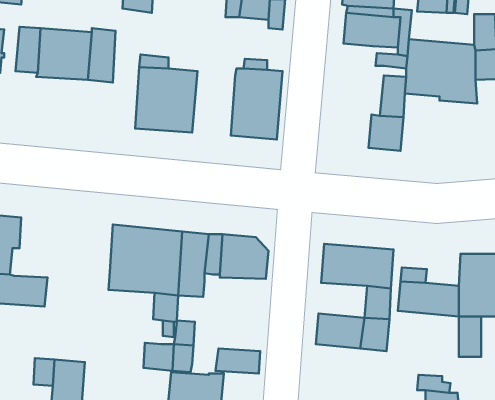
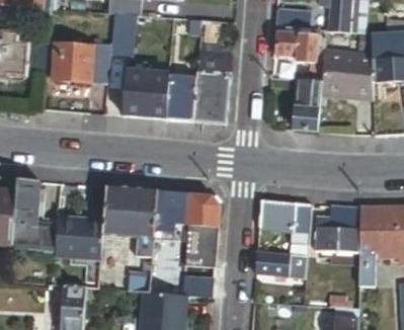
building: none -> [164,75,195,121]
building: none -> [56,218,104,258]
building: none -> [182,225,218,267]

